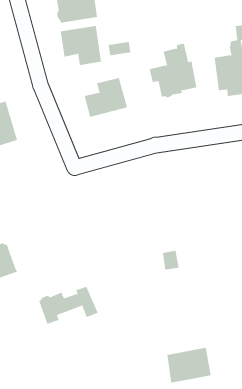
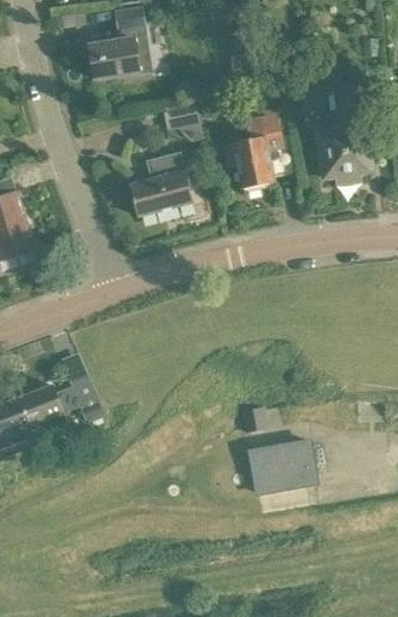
building: [60,25,102,66] -> none
building: [39,286,99,324] -> [17,375,104,430]
building: [166,347,211,383] -> [250,440,315,492]

